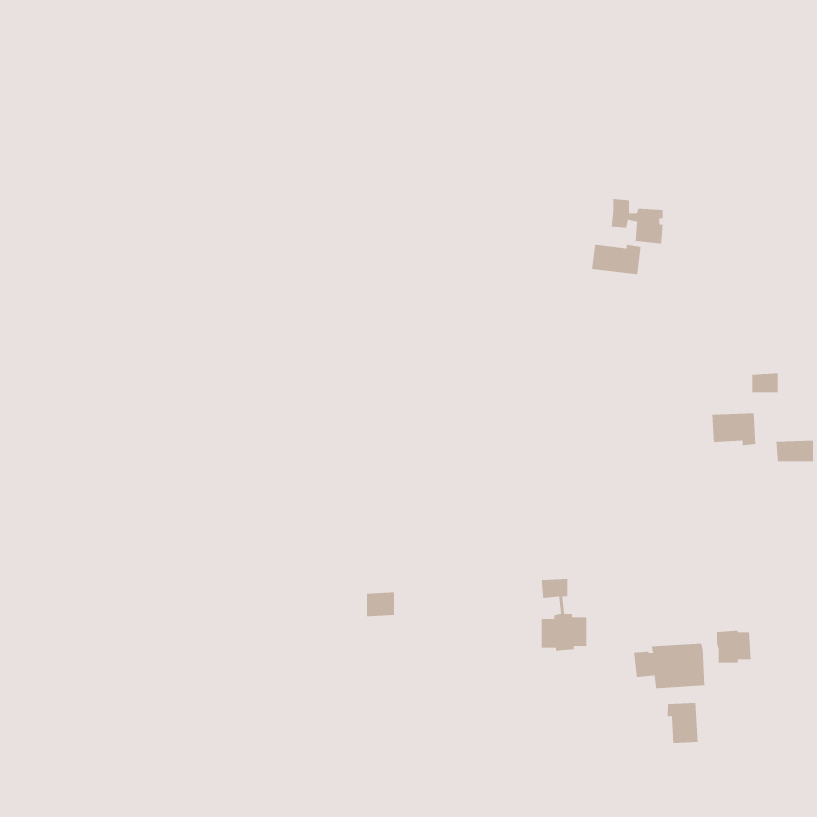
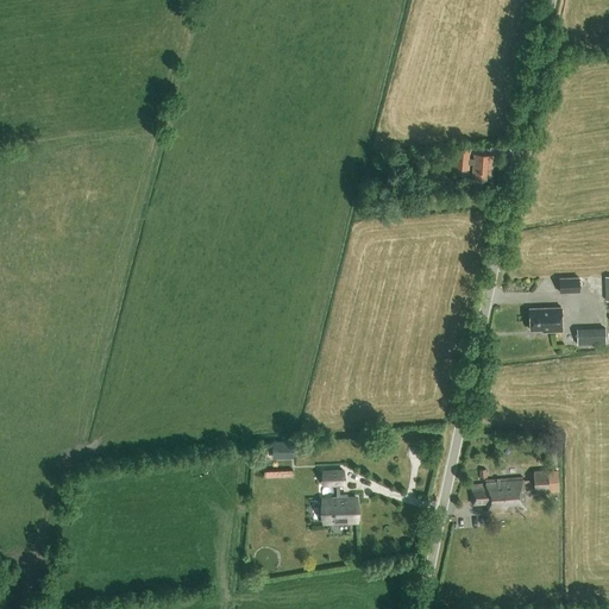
building: [591,244,642,275] -> none
building: [541,578,587,652] -> [324,470,358,525]
building: [667,702,699,744] -> none

